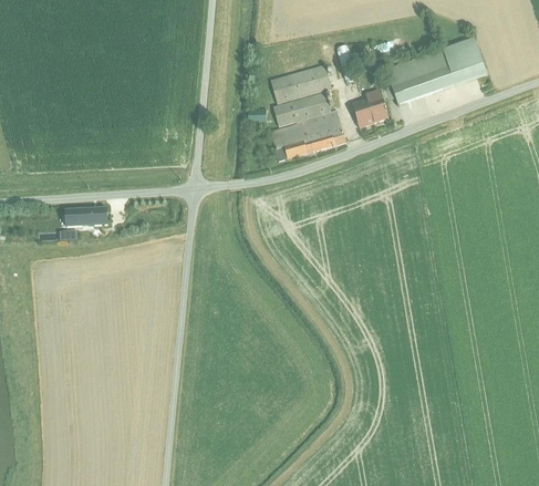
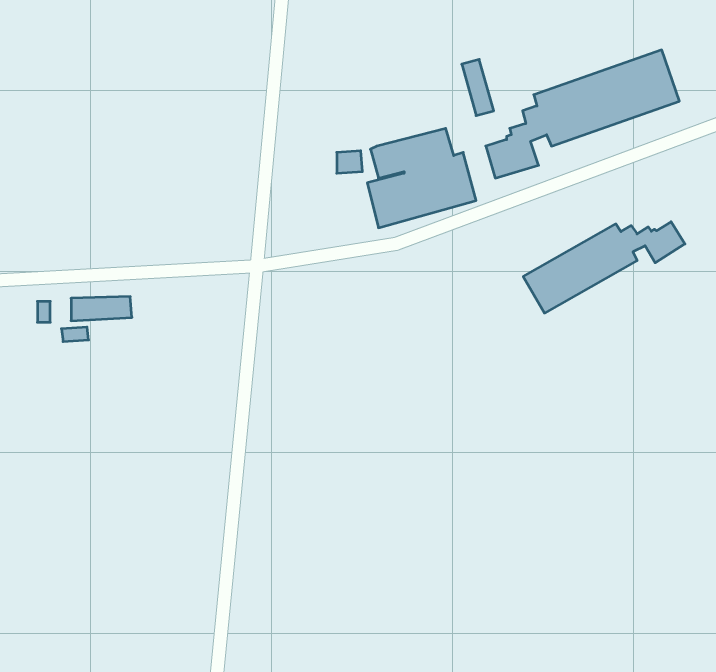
building: [270,64,331,104] -> none
building: none -> [523,222,685,313]

